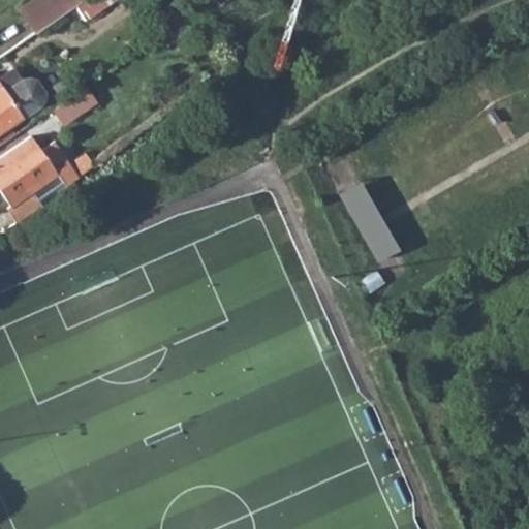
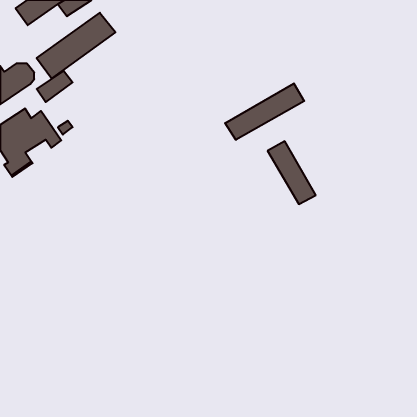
building: none -> [37,13,115,79]
building: none -> [225,83,304,140]

